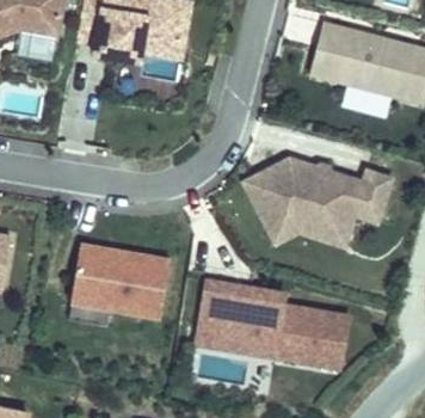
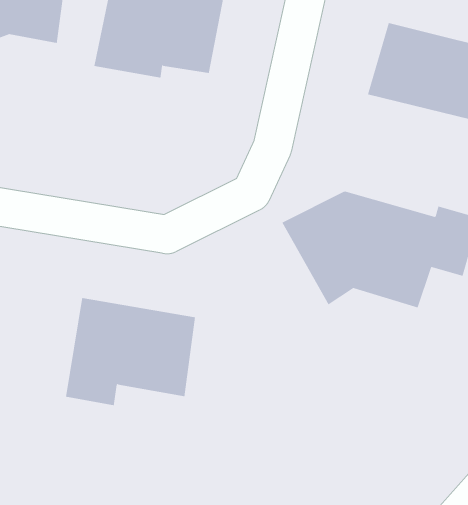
building: [187,281,347,379] -> none

